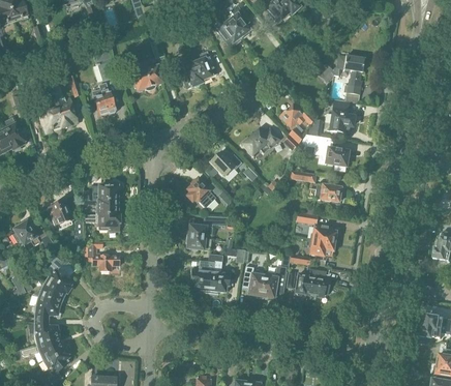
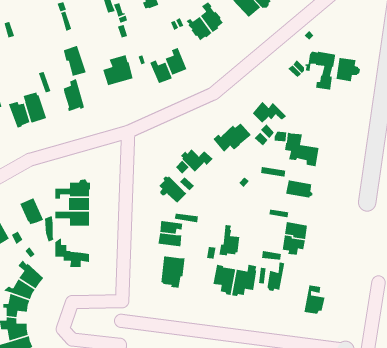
building: [327,108,355,132] -> [333,57,361,82]
building: [208,261,230,293] -> [219,224,240,256]
building: [308,266,330,296] -> [304,285,325,315]

